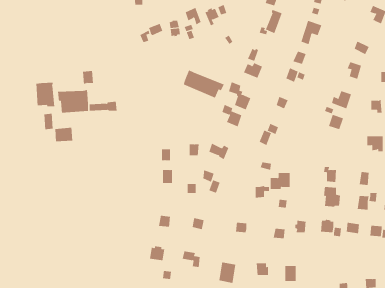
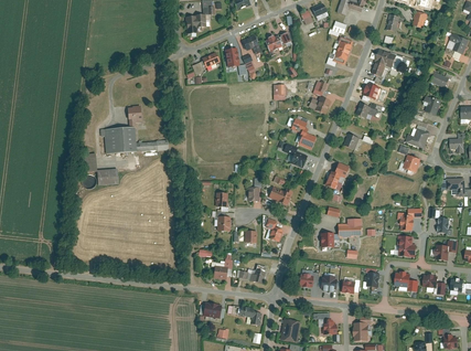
building: [183,69,225,98] -> none
building: [36,82,55,107] -> none

